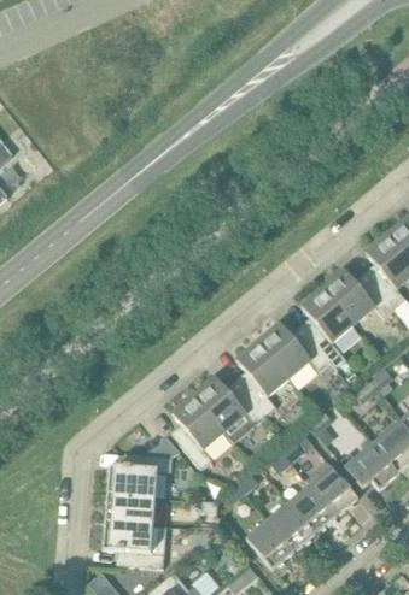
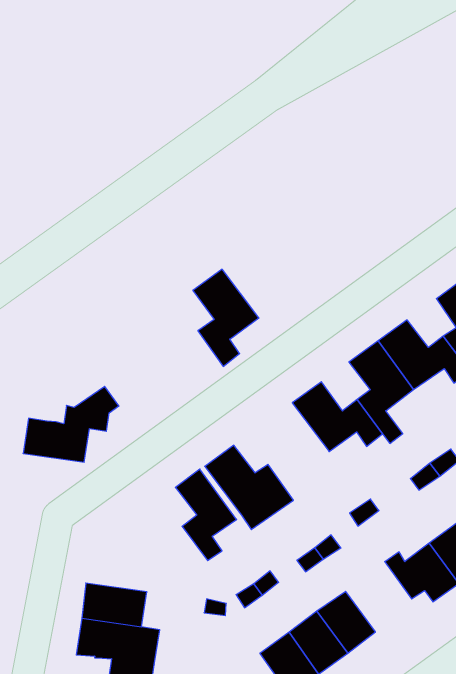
building: [238,340,291,416] -> [193,269,259,366]
building: [107,435,180,495] -> [23,386,119,462]
building: [311,466,358,514] -> none

